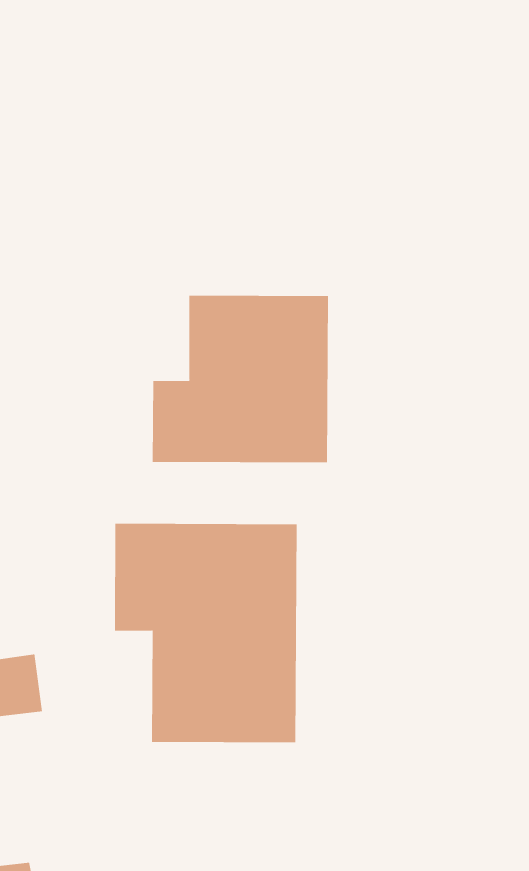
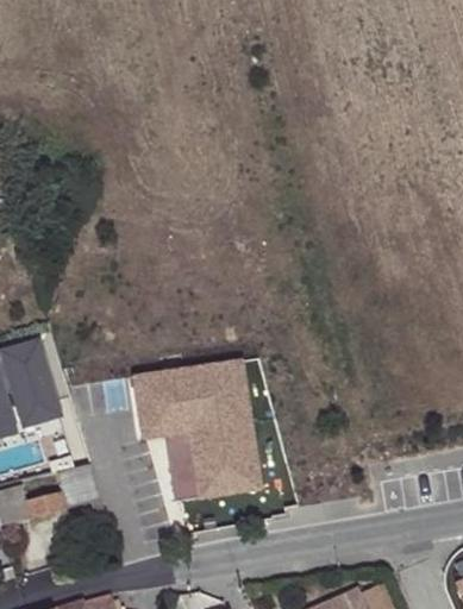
building: [152,295,328,463] -> none

